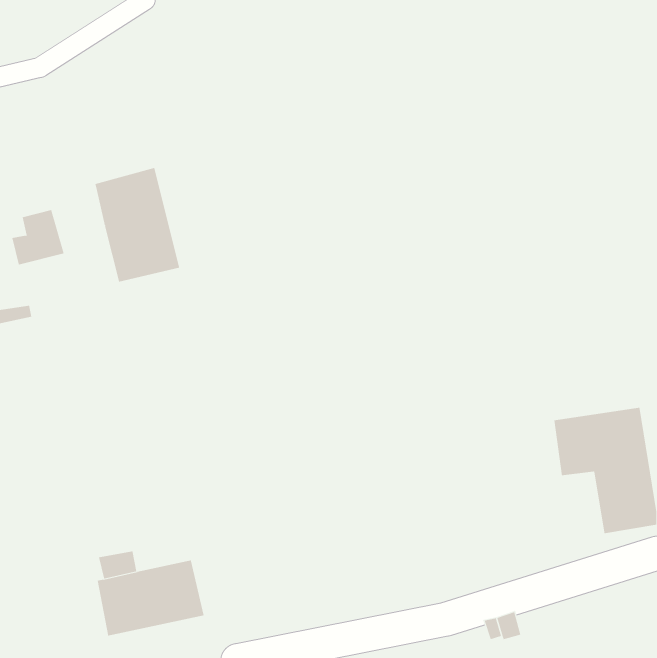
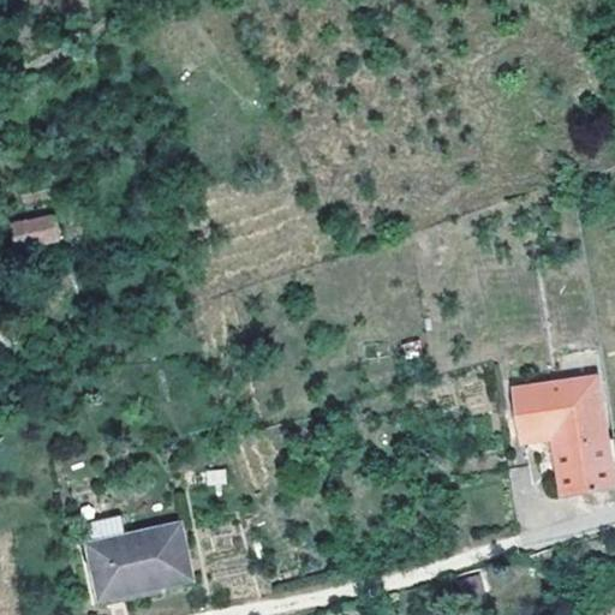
building: [95,167,180,282] -> none

